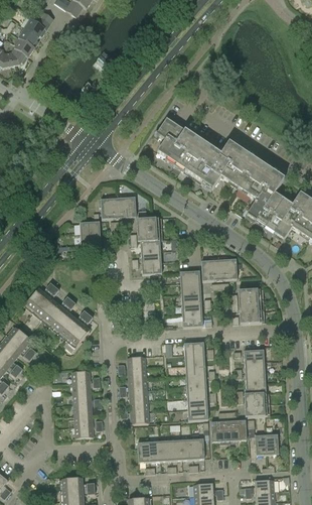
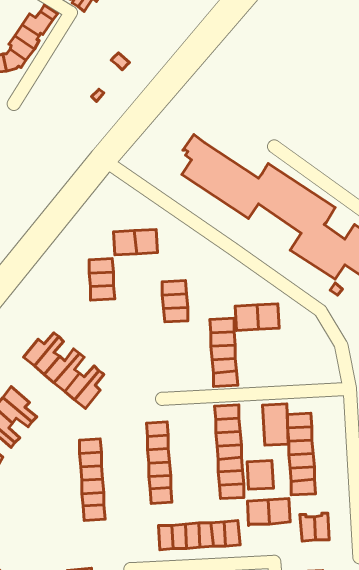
building: [139,217,160,240] -> none
building: [241,288,262,323] -> [263,404,288,445]
building: none -> [247,461,273,489]

